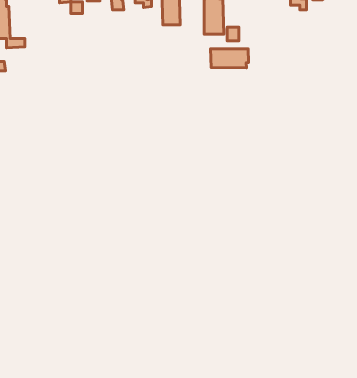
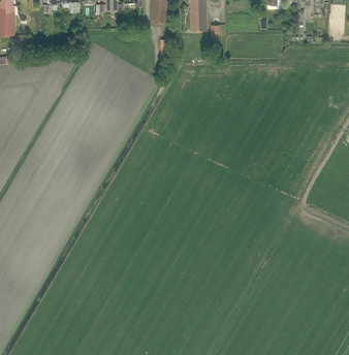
building: [211,49,249,68] -> none

